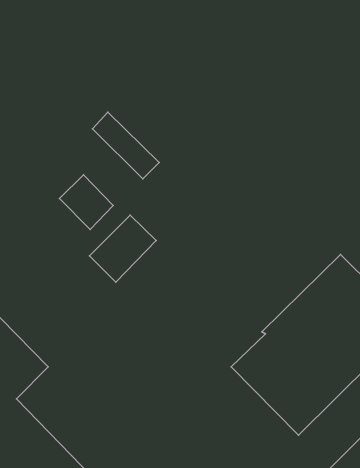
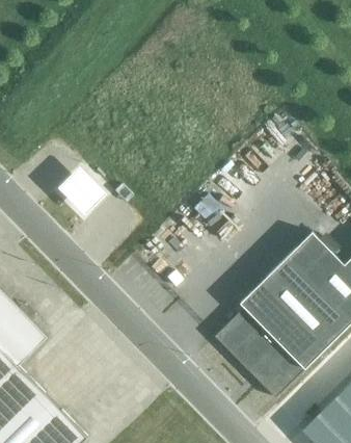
building: [93,112,159,179] -> none
building: [89,215,156,282] -> none

